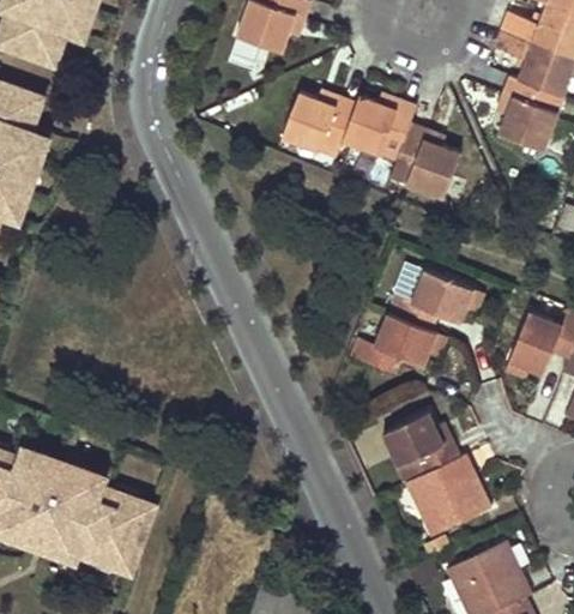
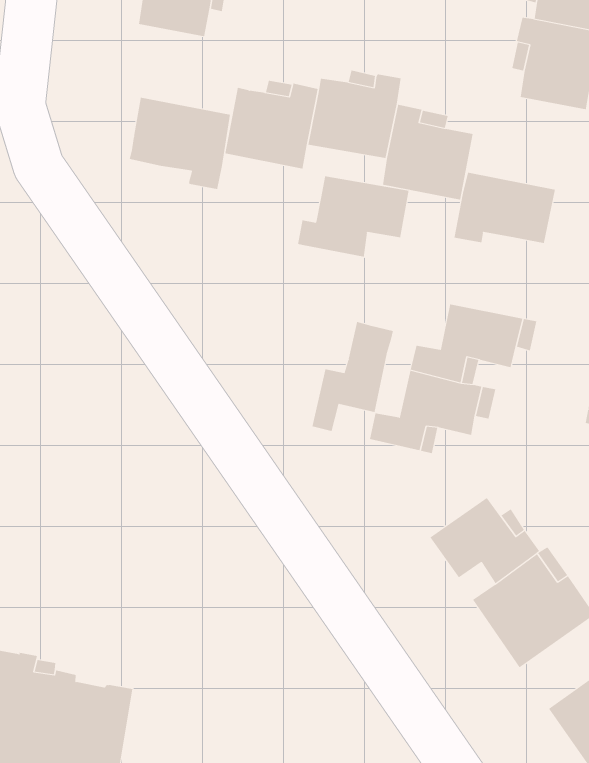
building: none -> [129,97,231,190]
building: none -> [297,175,409,257]
building: none -> [454,172,556,244]
building: none -> [312,321,394,432]

